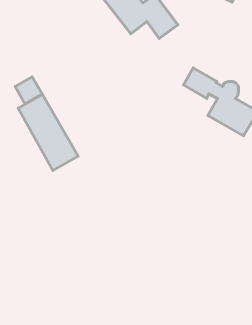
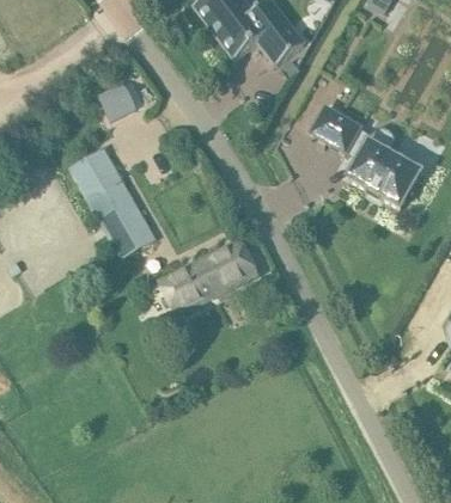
building: [15,77,42,104] -> [96,79,135,118]
building: none -> [160,241,255,312]

